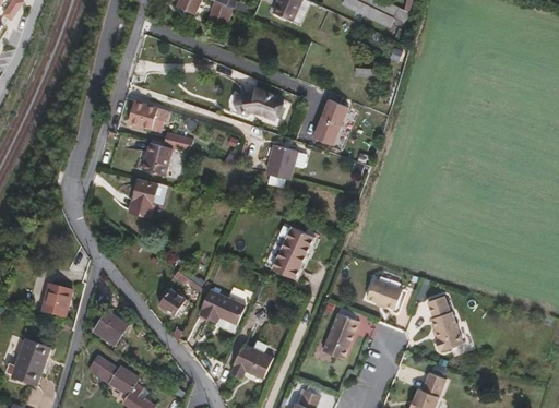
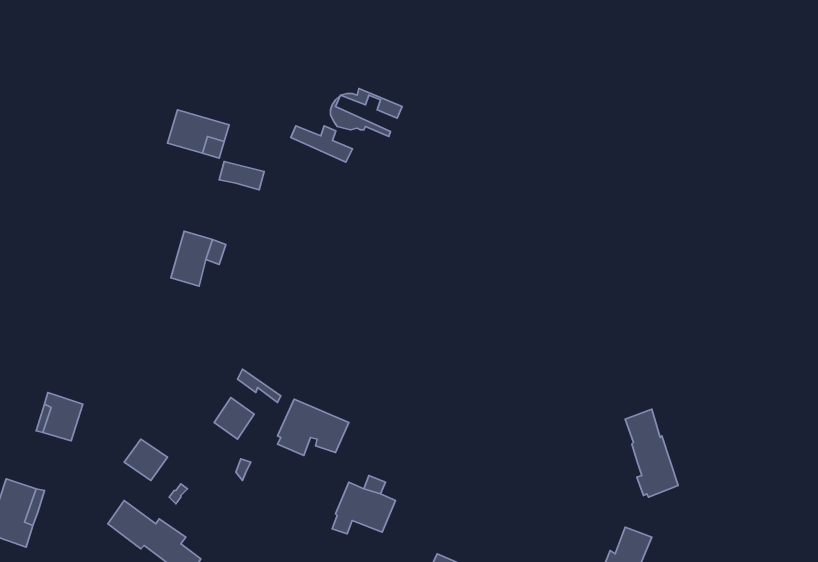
building: [237,89,277,113] -> [291,126,352,162]
building: [312,96,350,144] -> none
building: [141,142,171,176] -> none
building: [264,144,295,179] -> none
building: [272,225,314,278] -> none
building: [367,278,403,310] -> none
building: [321,313,357,359] -> none

